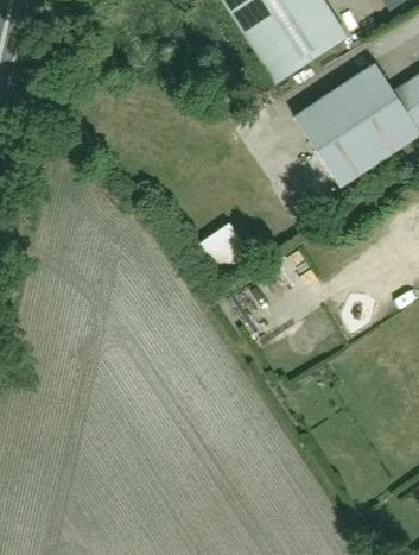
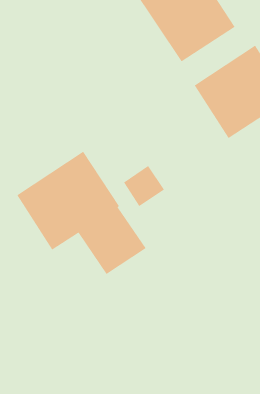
building: none -> [16,151,146,275]

